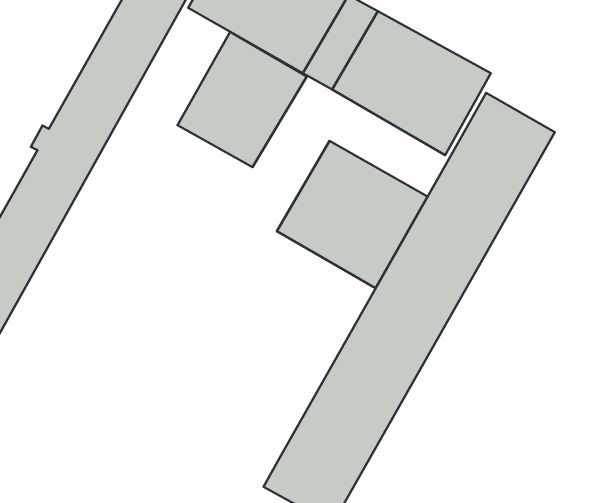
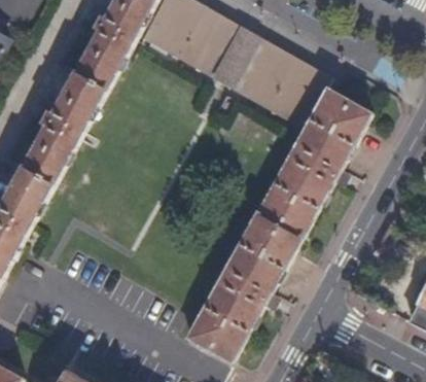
building: [178,32,307,167] -> none
building: [277,141,427,288] -> none

